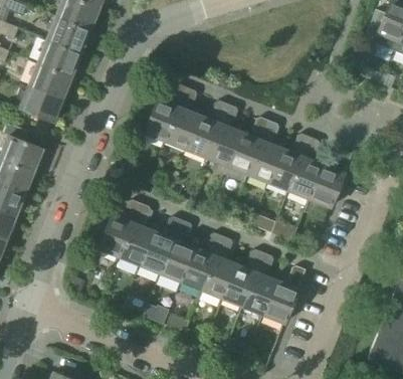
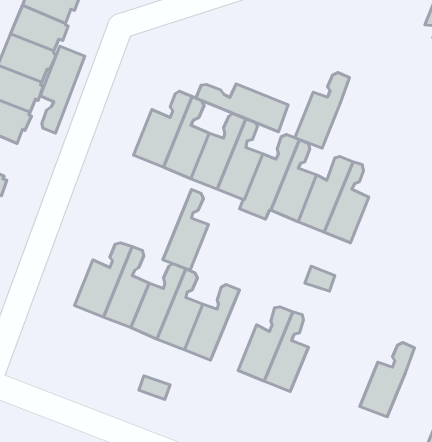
building: none -> [40,46,85,133]
building: none -> [196,84,288,132]
building: [309,150,351,208] -> [295,72,350,148]
building: [201,236,236,299] -> [163,189,209,270]
building: [262,265,305,323] -> [360,343,415,417]

